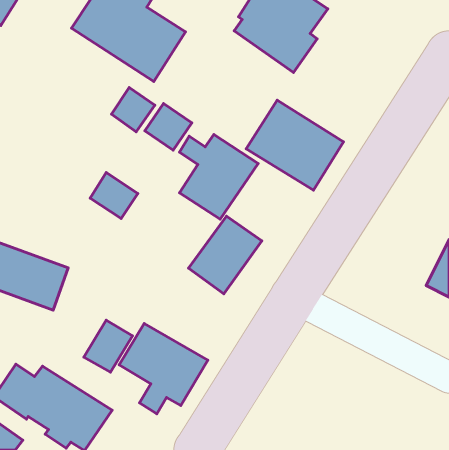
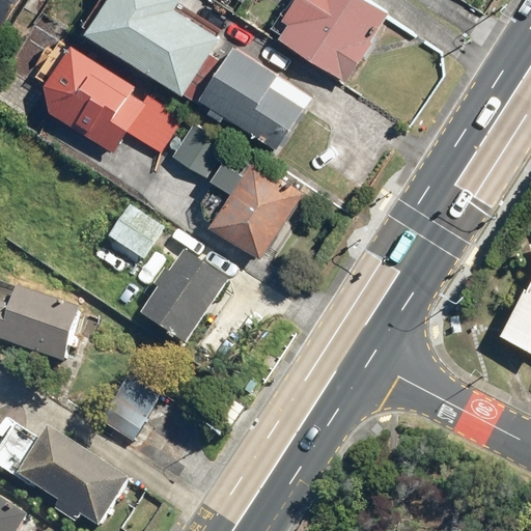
building: none -> [43,47,150,151]
building: [246,100,344,190] -> [197,46,311,151]
building: [189,216,262,294] -> [138,248,224,339]
building: [119,323,208,414] -> none

